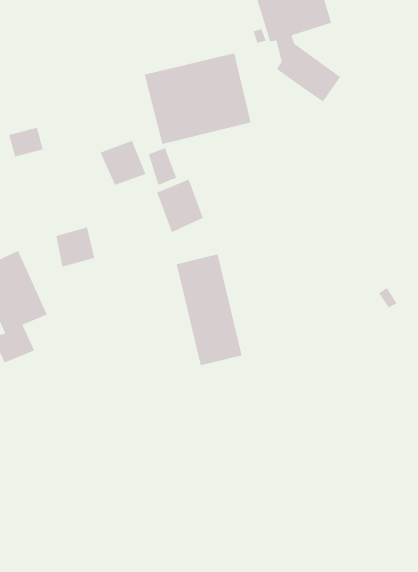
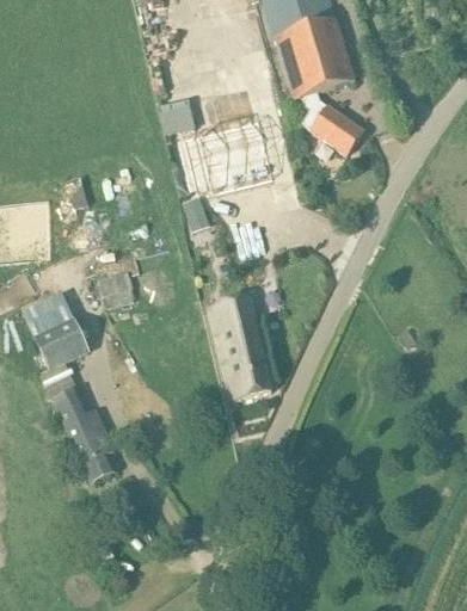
building: [100,140,147,186] -> none
building: [156,178,204,233] -> none
building: none -> [50,388,115,482]

